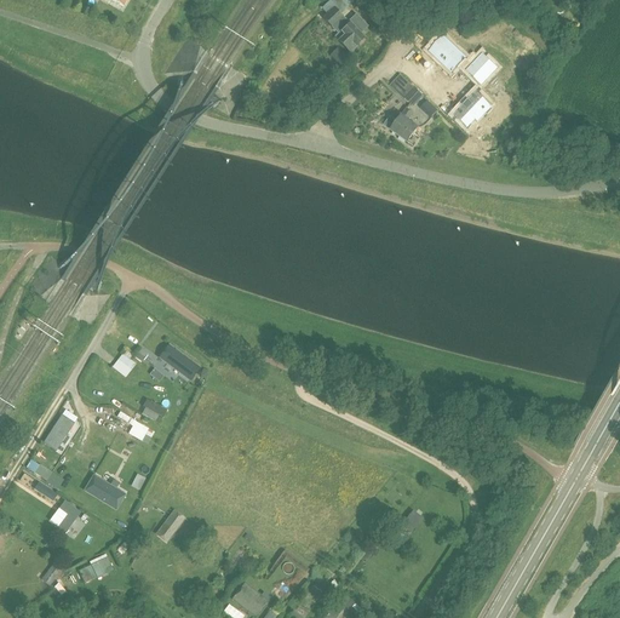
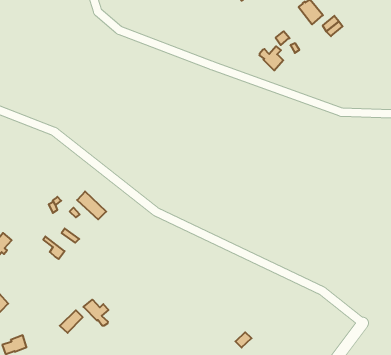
building: [455,93,490,126] -> none
building: [84,474,126,510] -> none
building: none -> [83,300,108,326]

